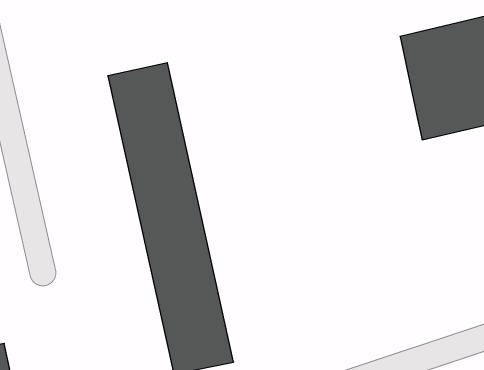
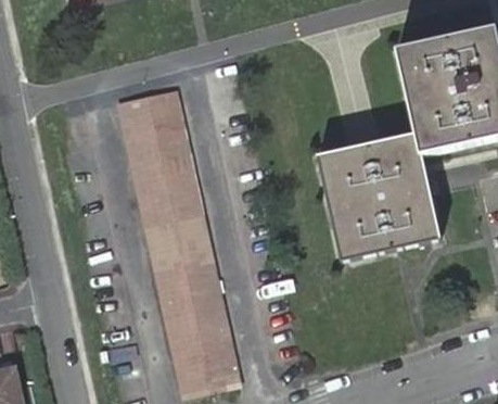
building: none -> [320,138,439,257]

